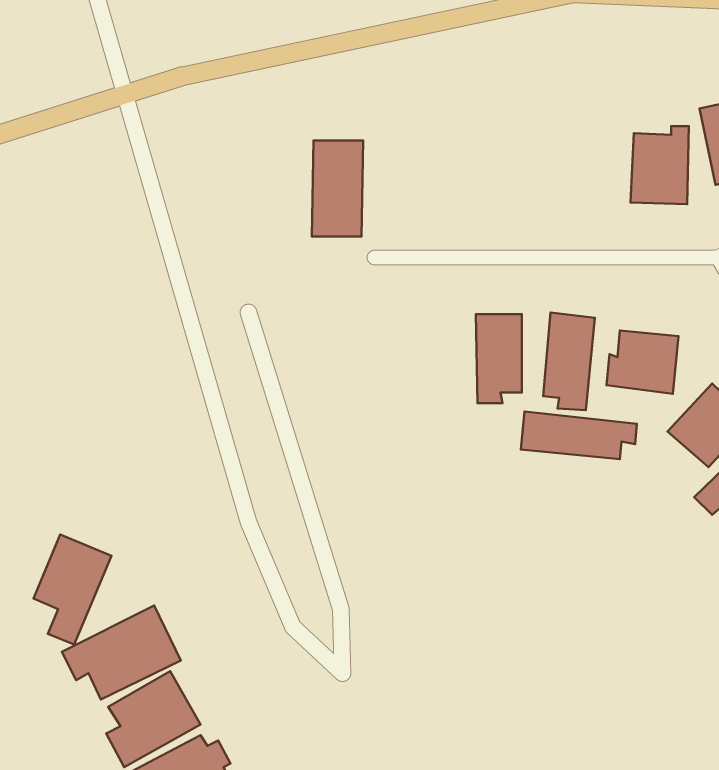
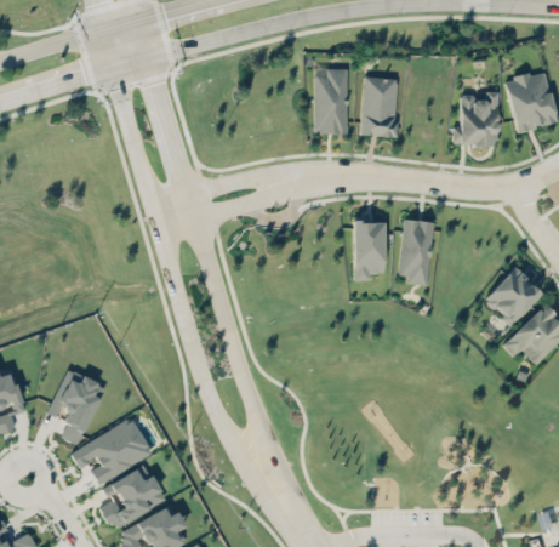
building: none -> [361,76,399,137]
building: [312,140,363,236] -> [314,68,349,133]
building: [607,330,678,394] -> none
building: [521,411,637,459] -> none

